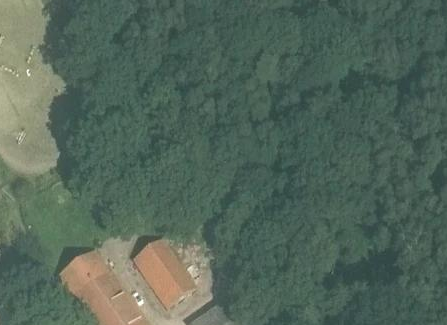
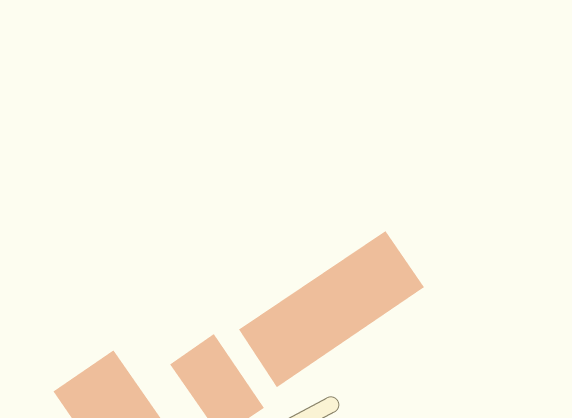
building: none -> [238,230,425,388]

